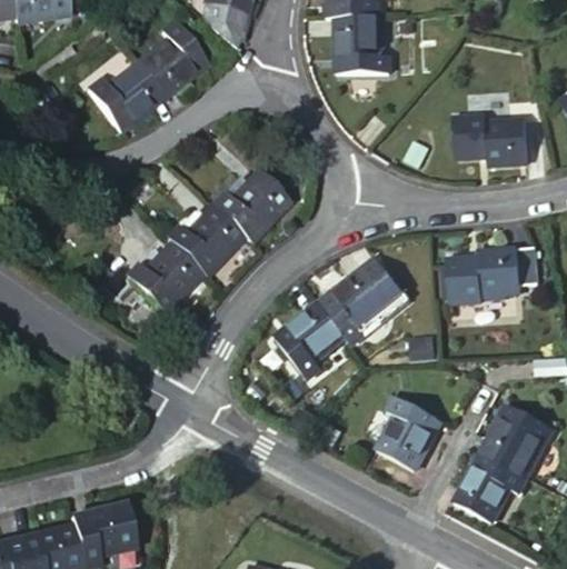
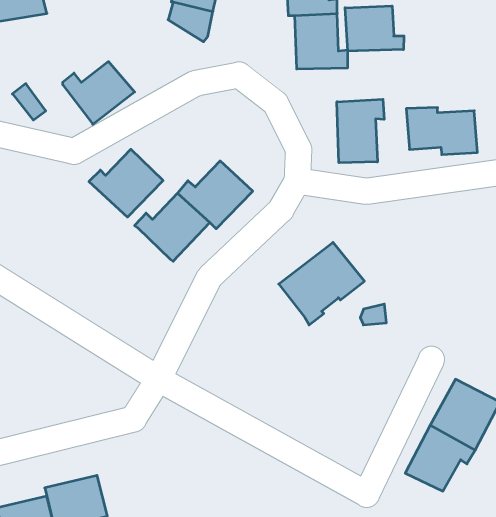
building: none -> [345,6,404,51]
building: [136,21,207,98] -> none
building: none -> [337,99,384,163]
building: [122,242,201,315] -> [89,149,163,217]
building: [444,246,519,303] -> none
building: [272,302,345,378] -> none
building: [374,396,442,471] -> none

